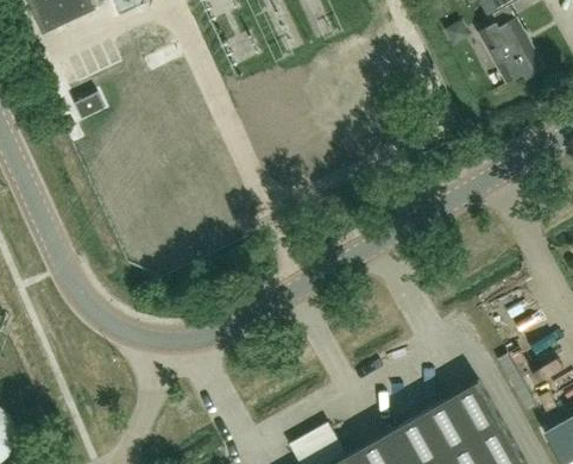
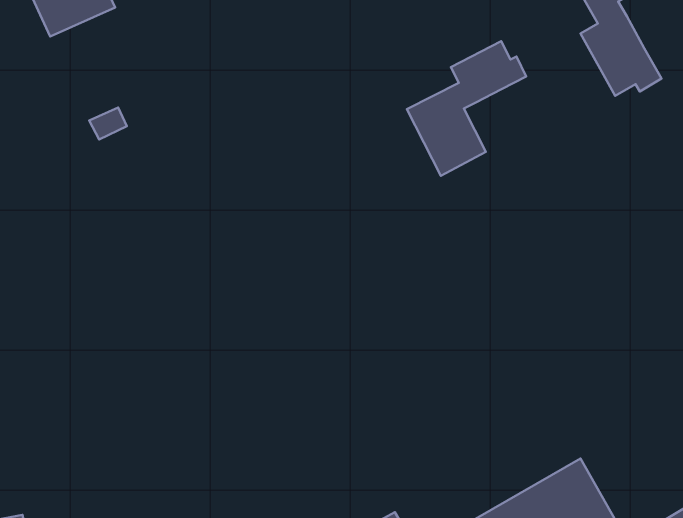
building: none -> [407,41,526,176]

